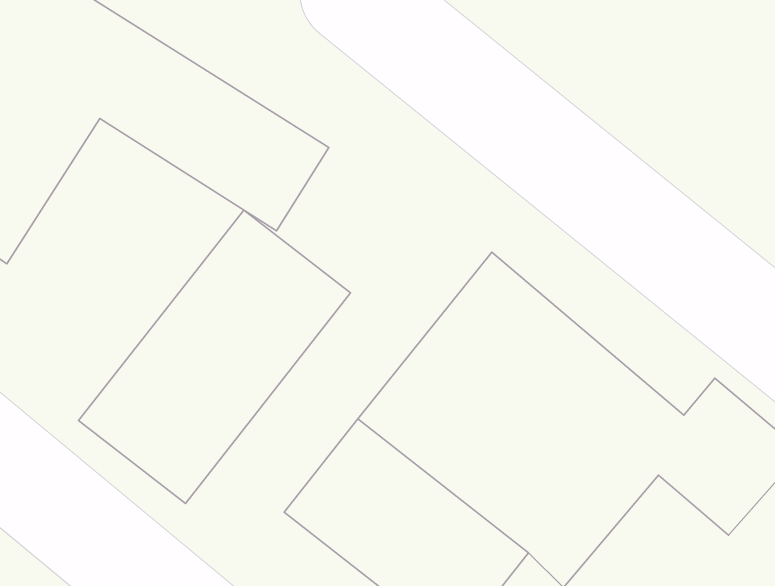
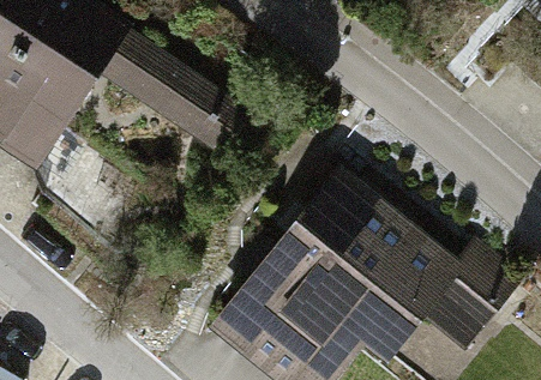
building: [79,210,351,504] -> none

